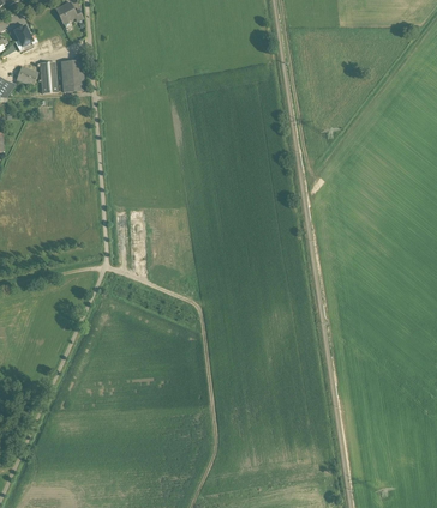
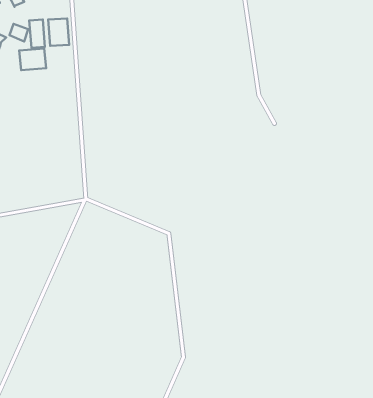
building: none -> [19,49,46,70]

